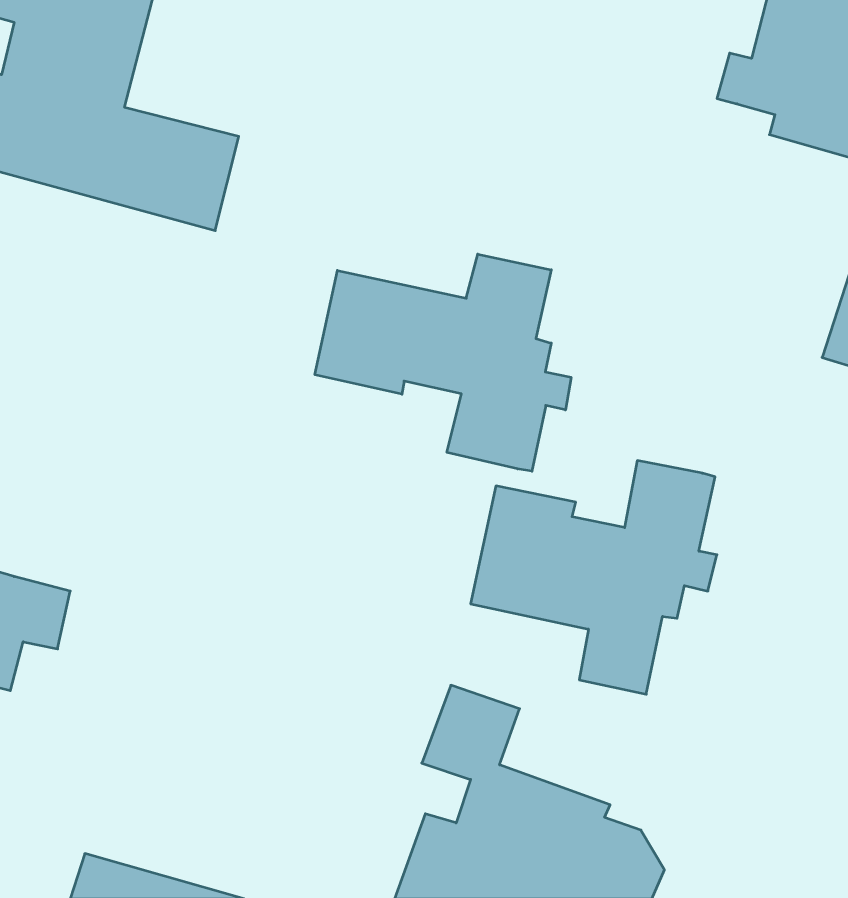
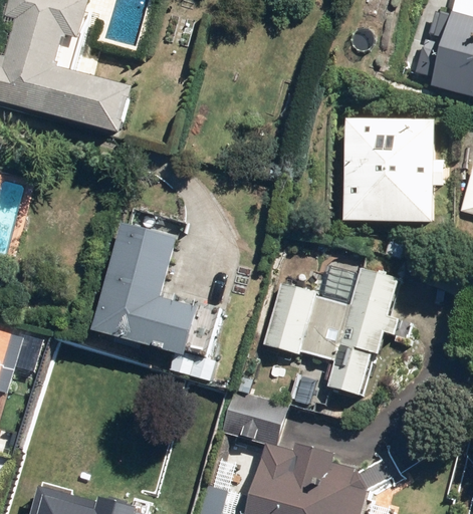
building: none -> [341,117,447,225]
building: [315,254,571,471] -> none
building: none -> [90,221,213,375]

